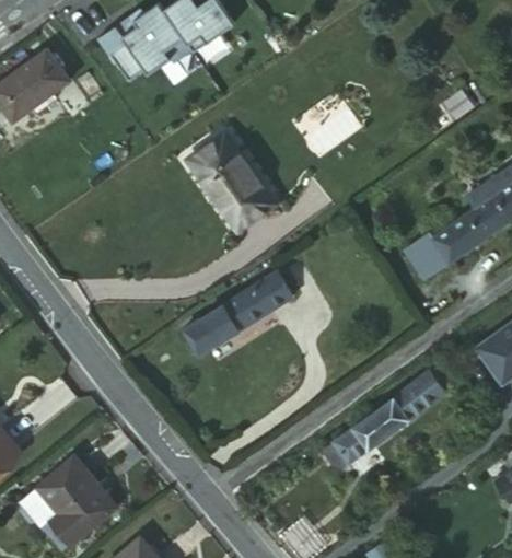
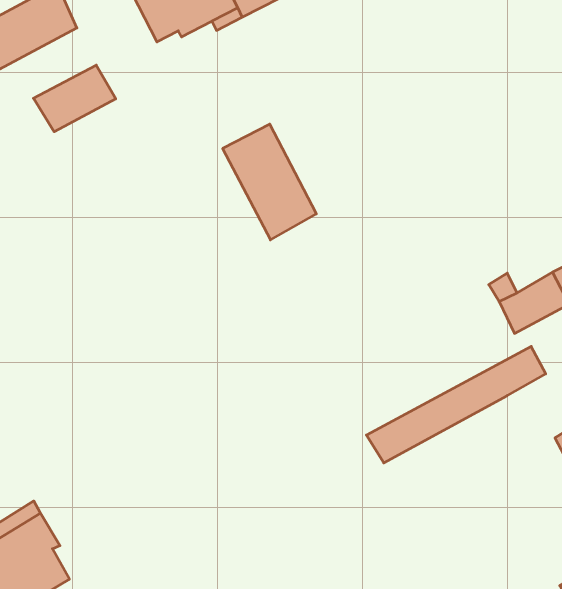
building: none -> [33,65,116,132]
building: [183,269,292,354] -> none
building: [321,364,453,470] -> [366,346,546,463]

